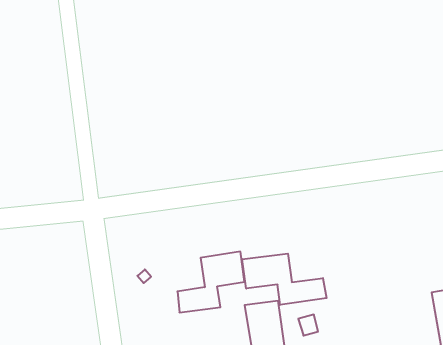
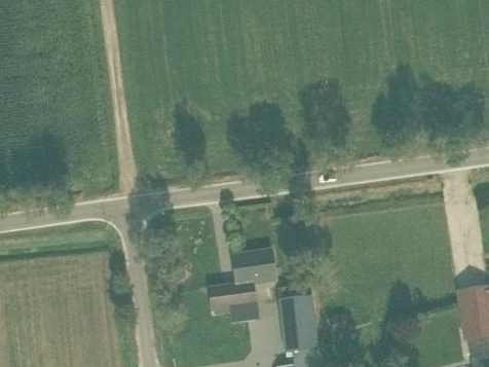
building: [242,254,327,305] -> none

